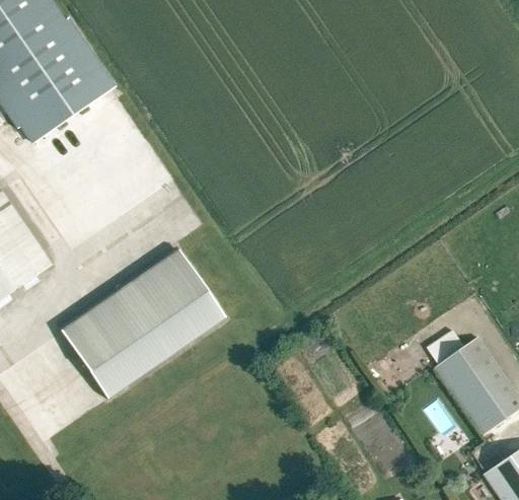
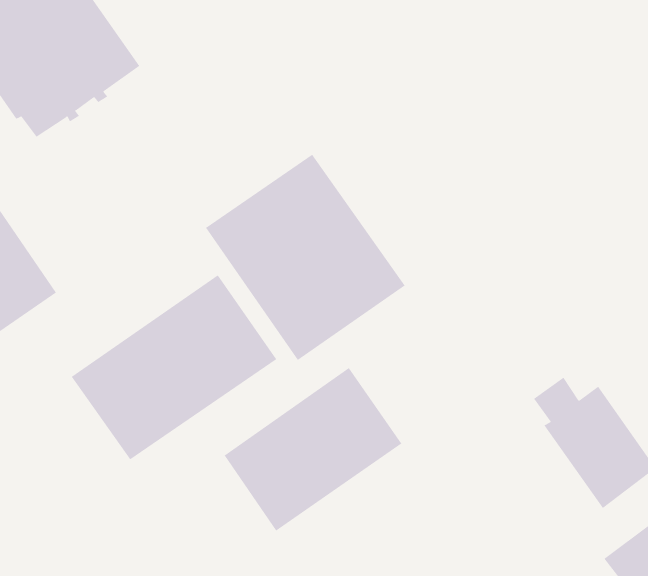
building: none -> [205,154,406,361]
building: none -> [224,367,402,532]

